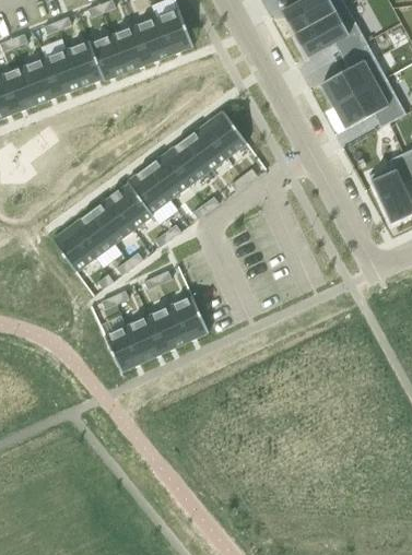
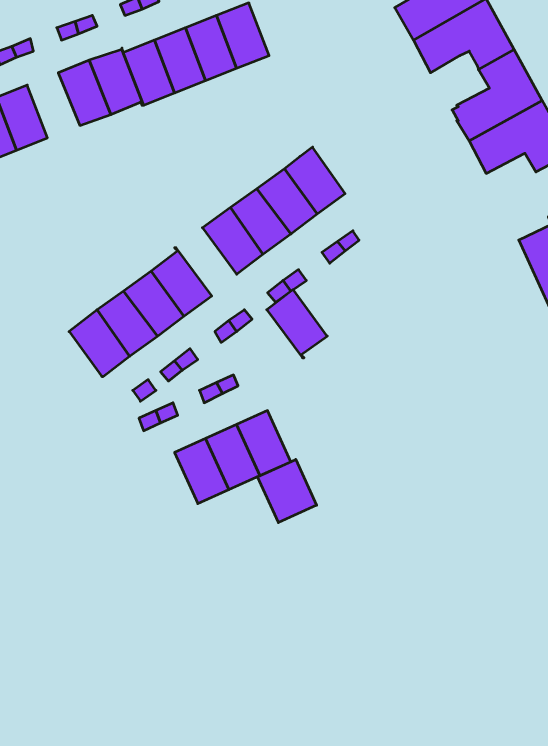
building: [23,57,60,103] -> none
building: [128,166,170,214] -> [267,290,327,358]
building: [105,324,143,371] -> none
building: none -> [258,459,317,523]

